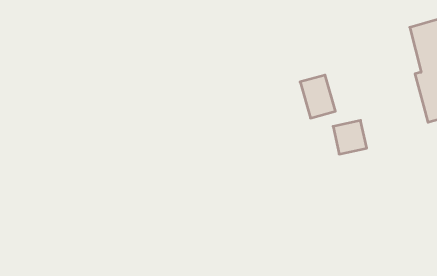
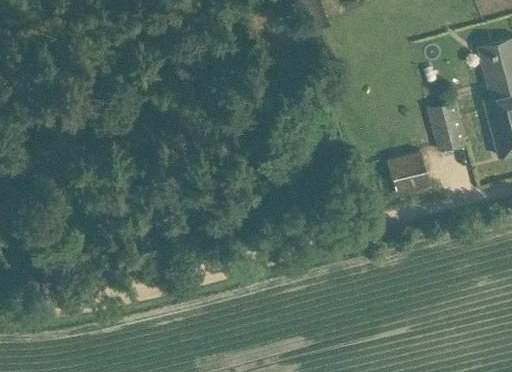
building: [300,75,335,118] -> [428,103,469,153]

